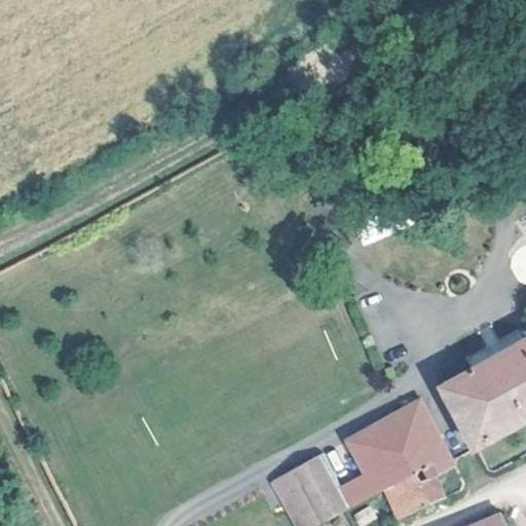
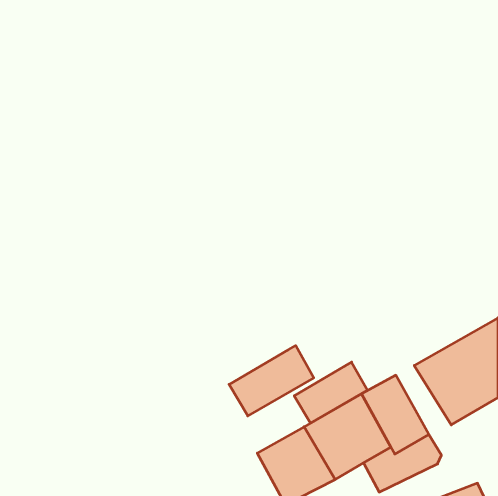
building: none -> [229,346,314,416]
building: none -> [294,362,367,423]

